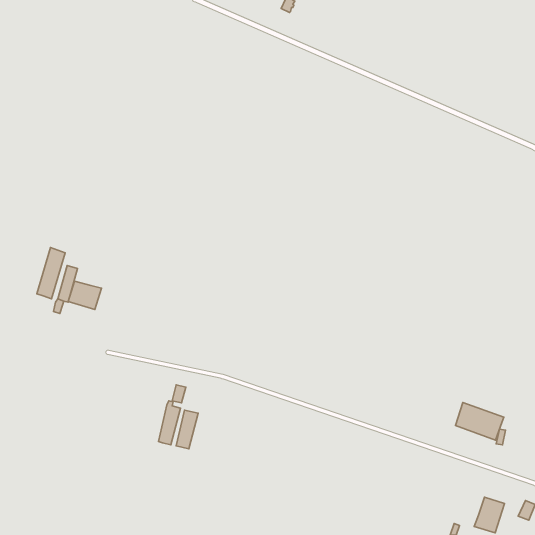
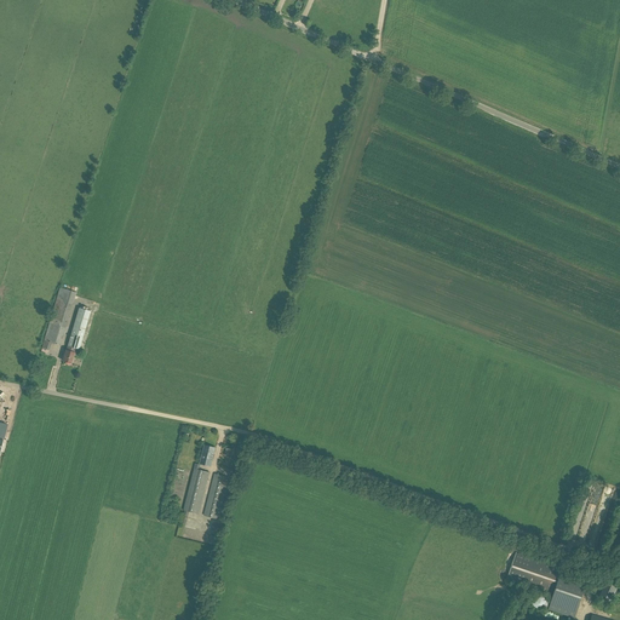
building: [68,281,102,310] -> none
building: [456,402,504,440] -> [506,551,562,595]

